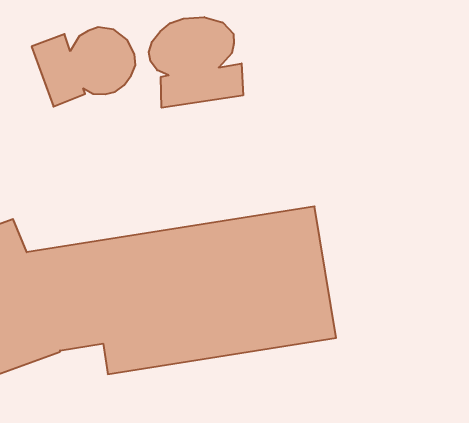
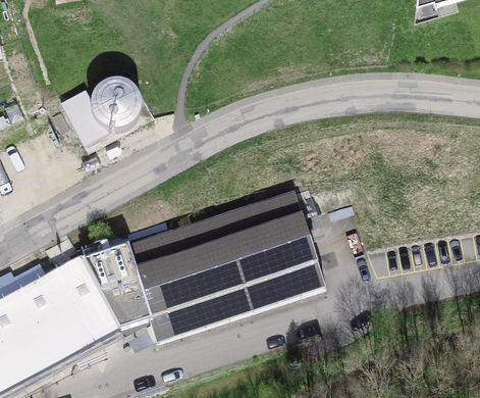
building: [149,17,243,108] -> none

